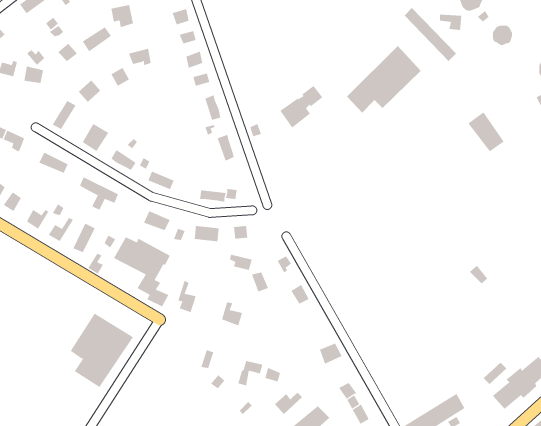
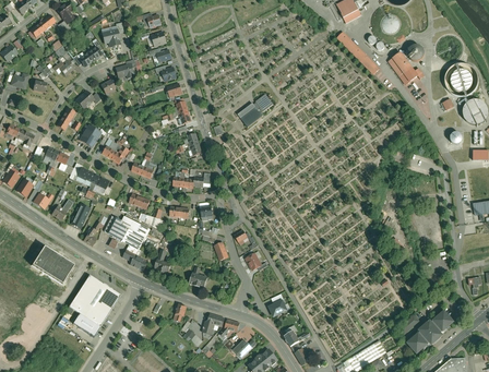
building: [346,45,422,113] -> none
building: [468,111,504,152] -> [389,52,418,85]
building: none -> [32,247,74,285]

